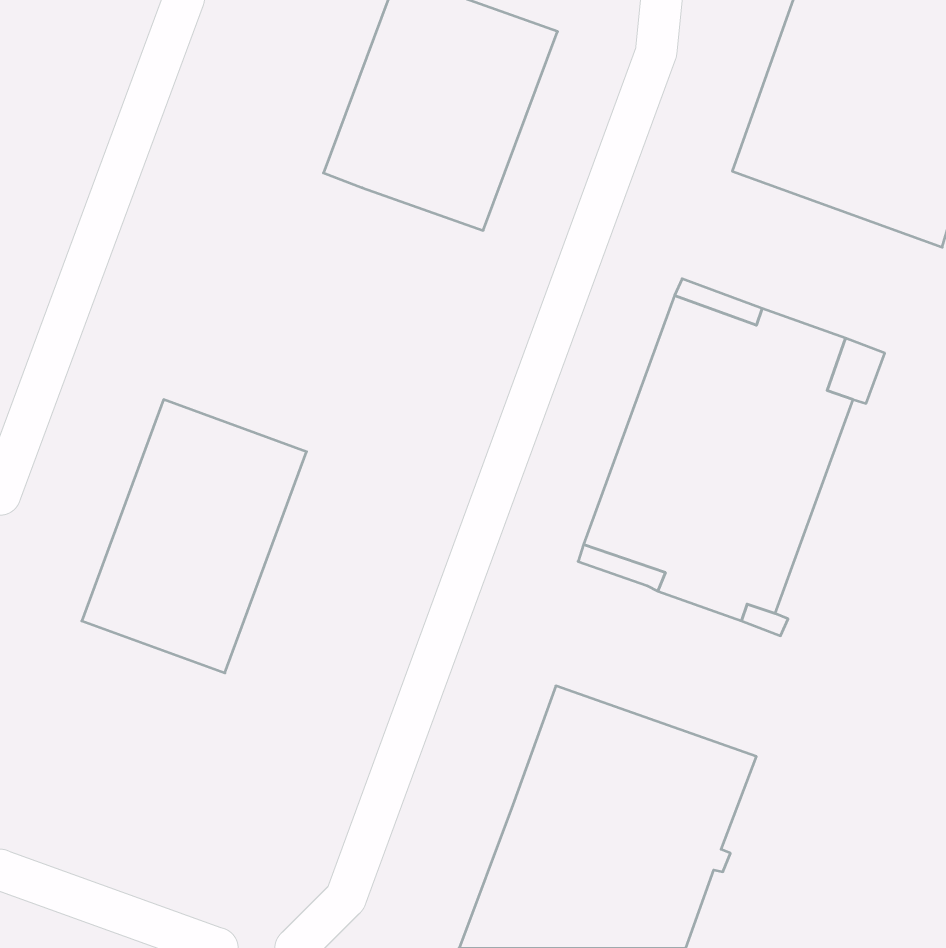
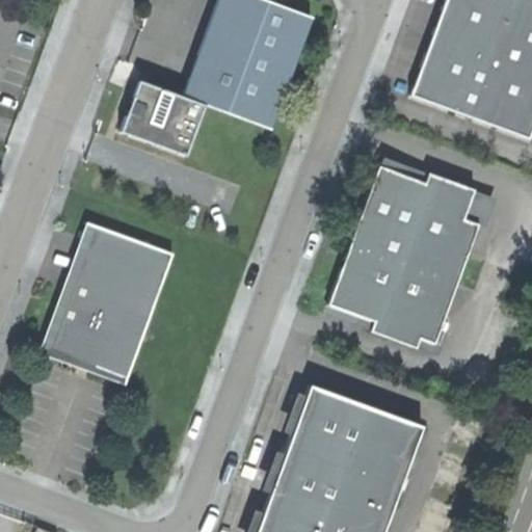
building: none -> [122,81,205,154]
building: none -> [39,220,128,383]

